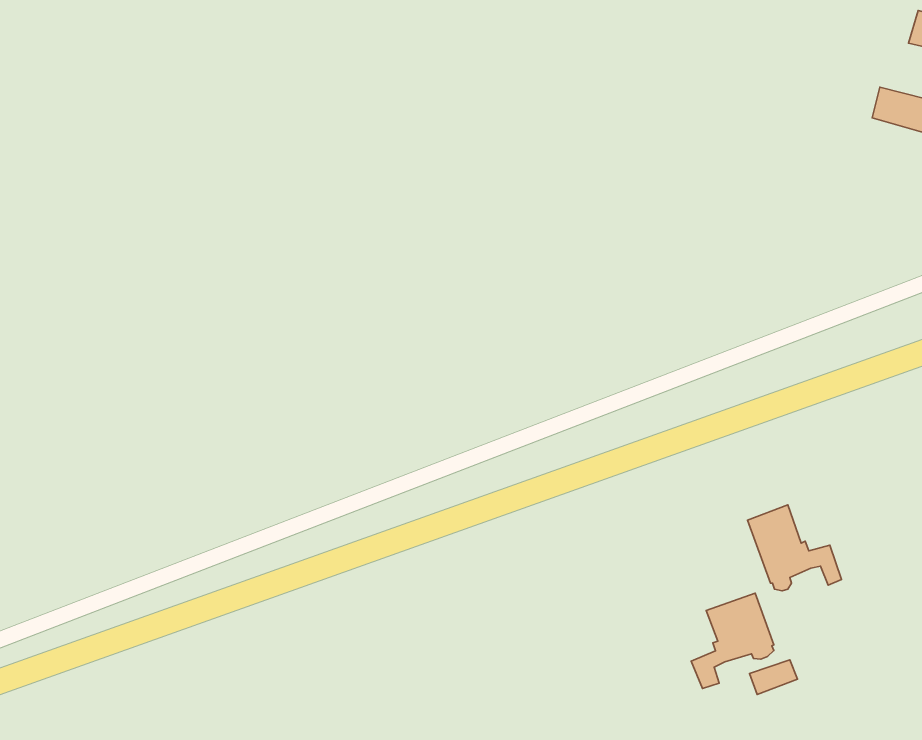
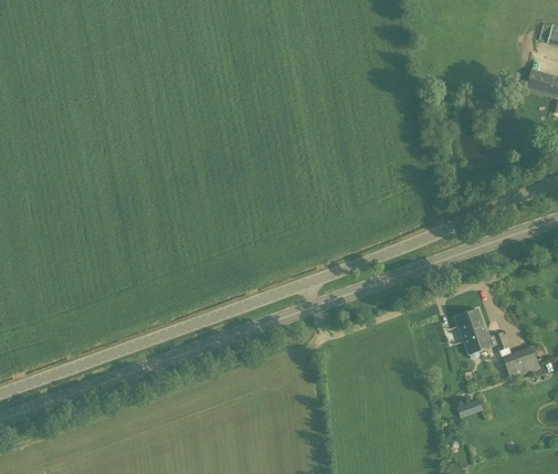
building: none -> [502,345,540,378]
building: [691,593,774,688] -> none

